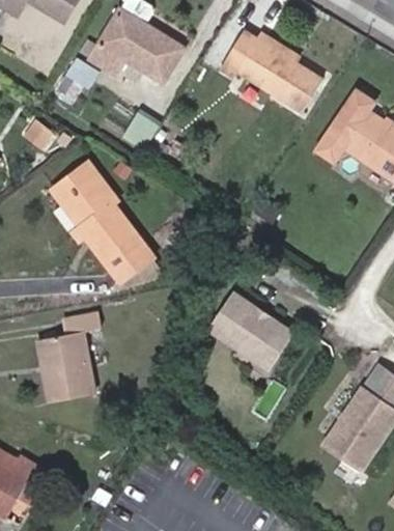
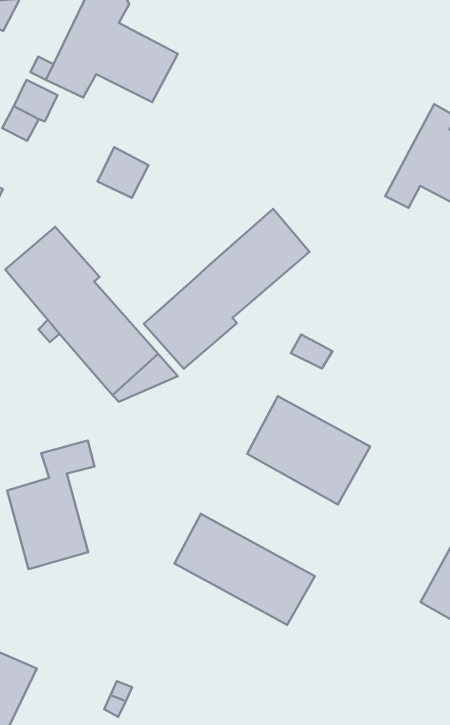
building: [220,30,319,109] -> none
building: none -> [144,209,309,369]
building: none -> [174,514,315,625]

